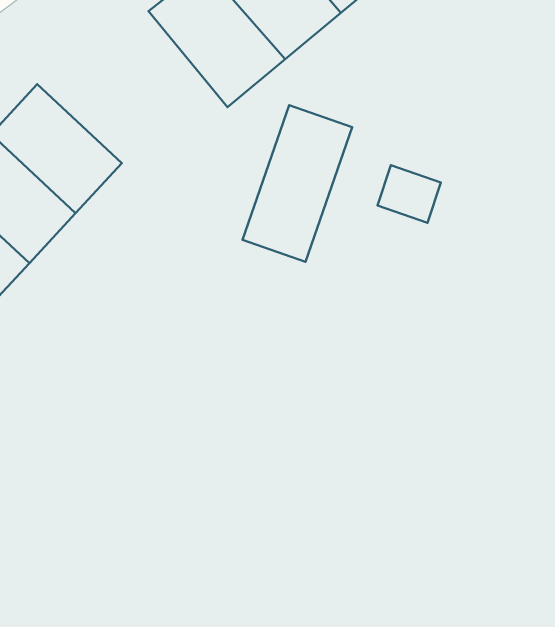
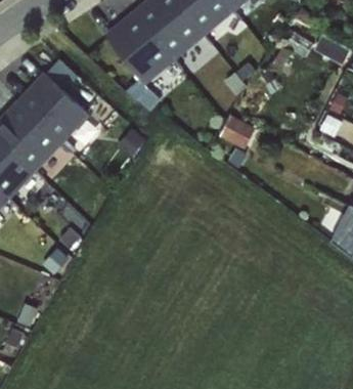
building: [243,105,352,262] -> none

